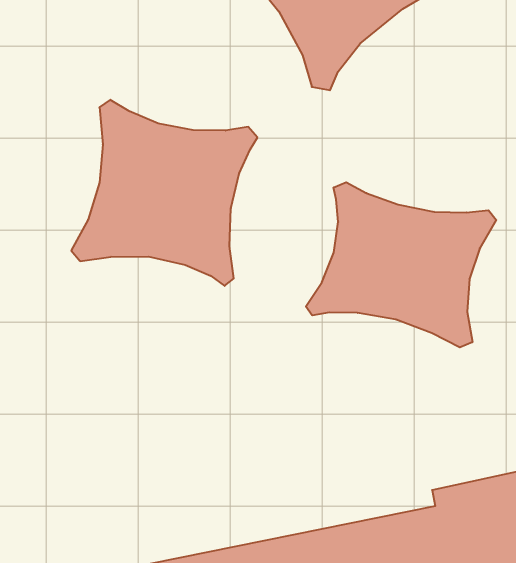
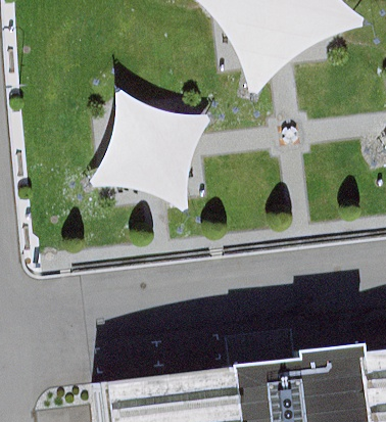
building: [306,182,496,347] -> none

